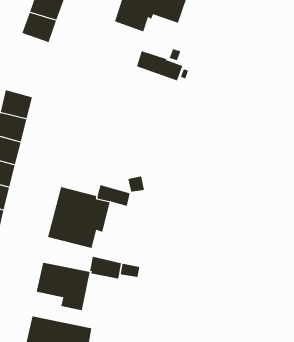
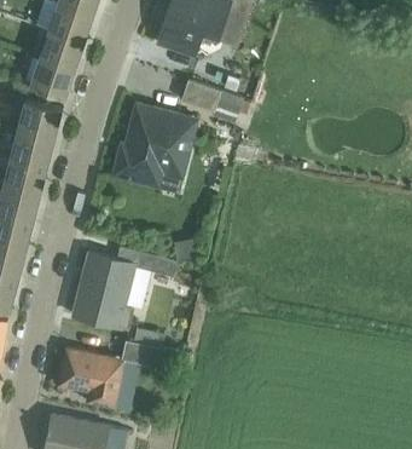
building: none -> [29,58,72,98]
building: none -> [17,99,60,139]
building: none -> [112,104,192,191]

